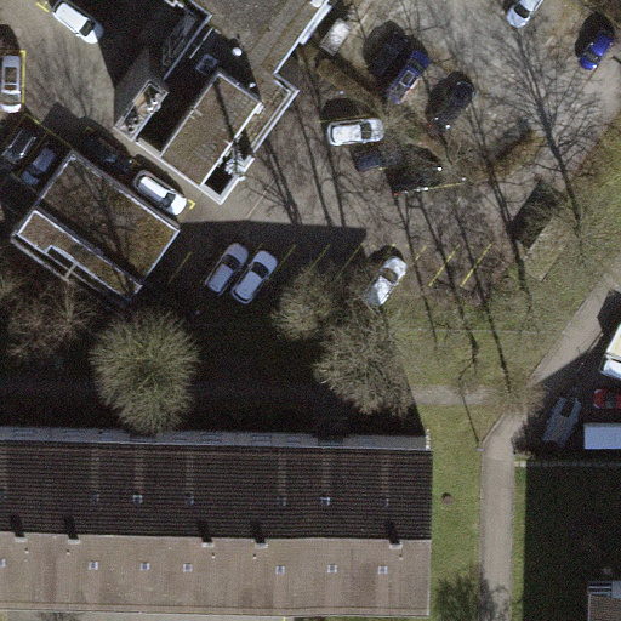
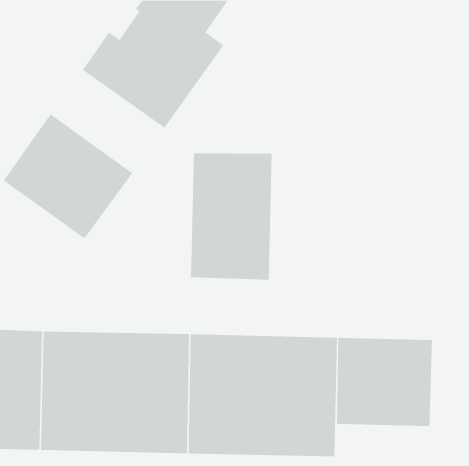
building: none -> [190,152,272,280]
building: none -> [336,337,432,427]

